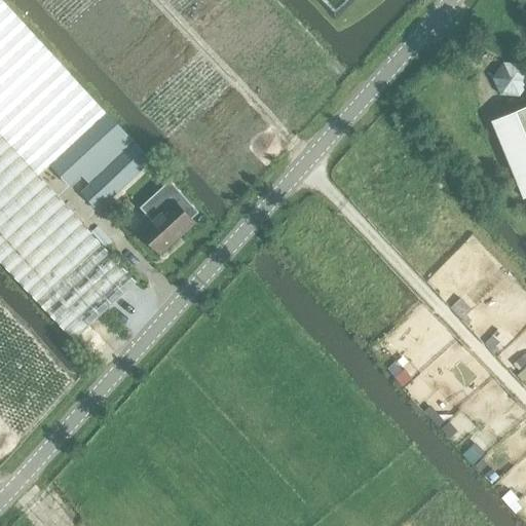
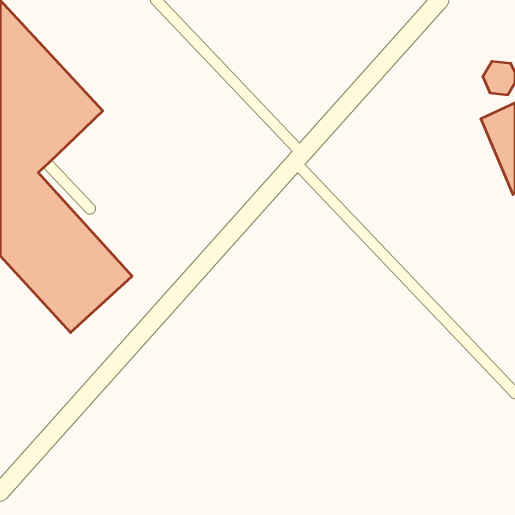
building: [50,112,152,203] -> none
building: [139,180,198,255] -> none

